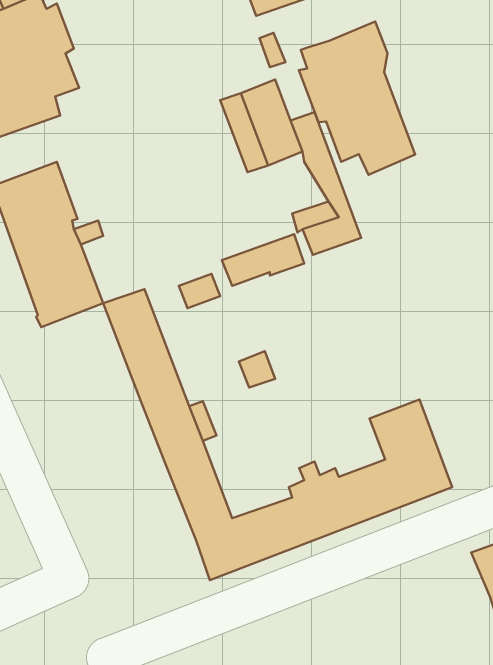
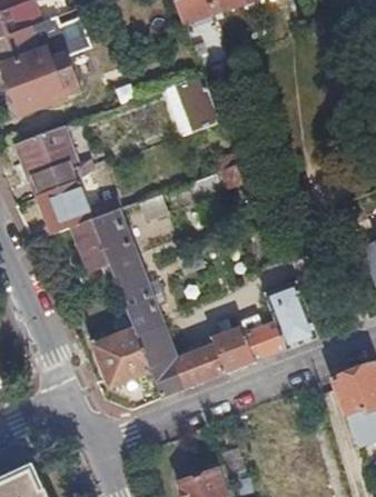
building: [299,22,415,175] -> none
building: none -> [71,217,116,292]
building: none -> [91,320,151,387]

